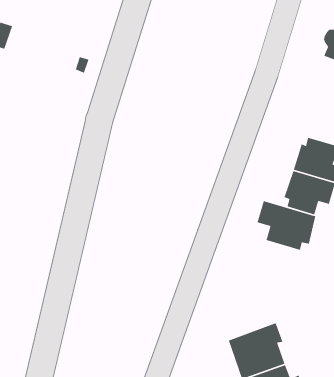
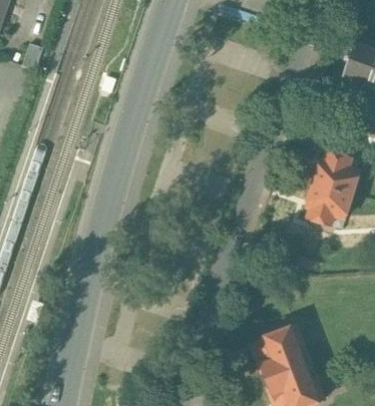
building: [256,200,316,251] -> none

